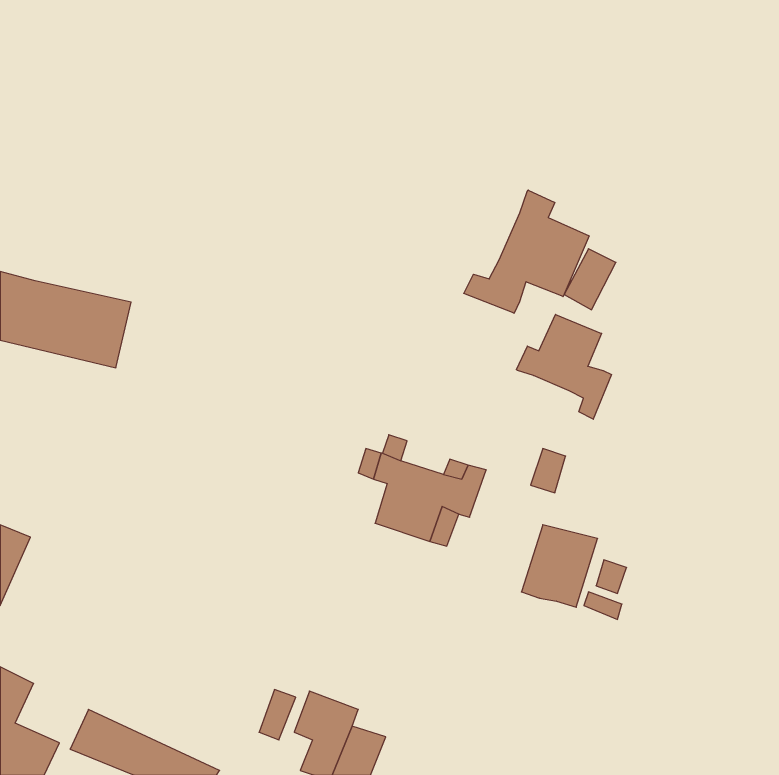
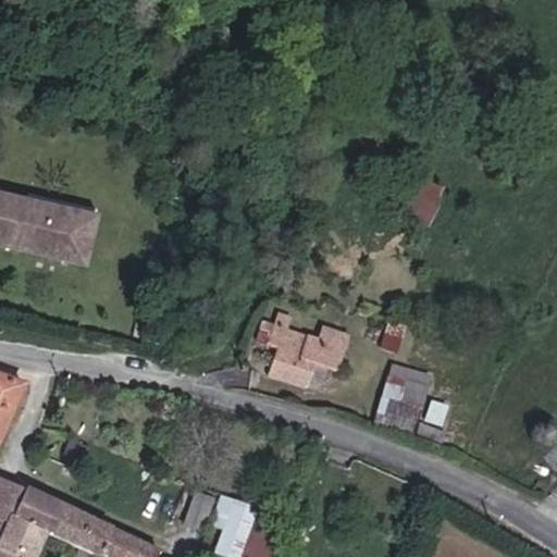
building: [464,190,589,313] -> none
building: [516,314,612,419] -> none
building: none -> [11,487,63,534]

